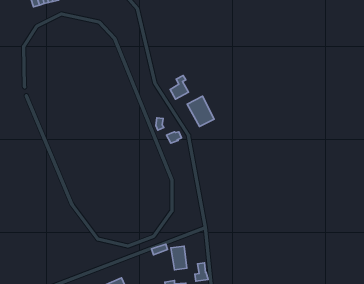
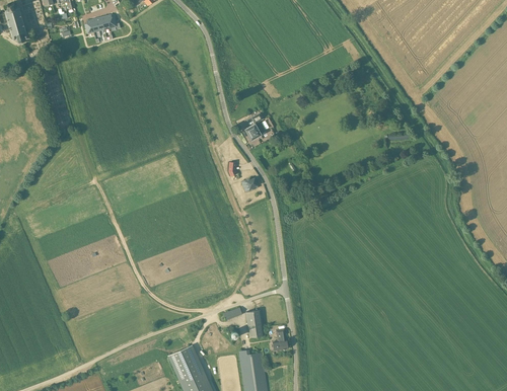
building: [187,96,214,127] -> none

